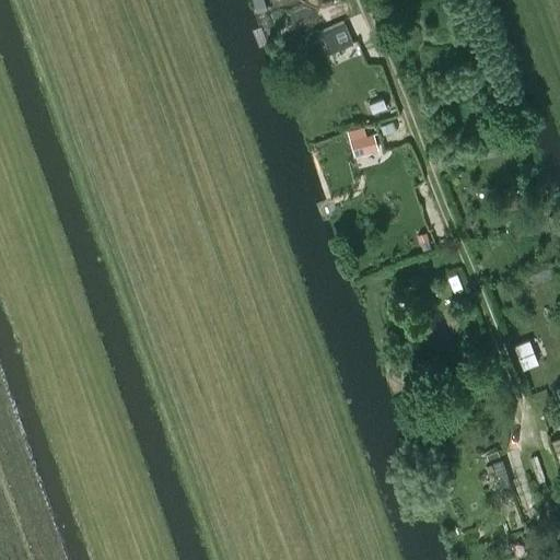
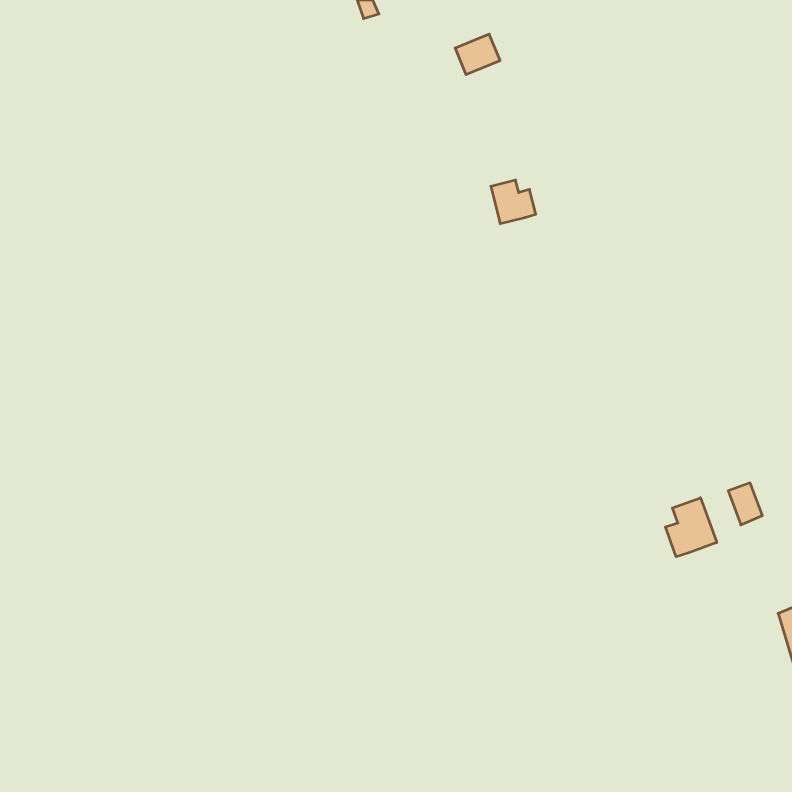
building: none -> [665,498,717,557]

